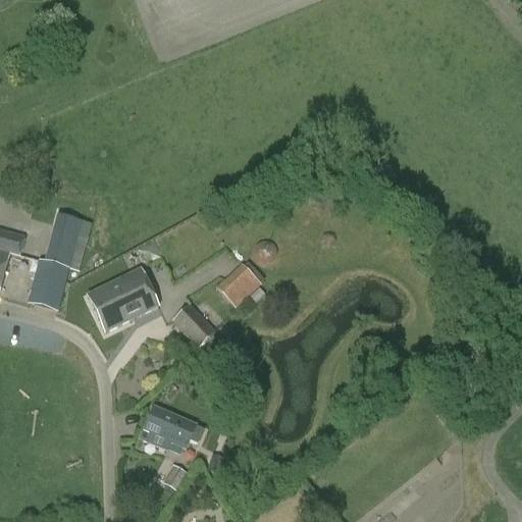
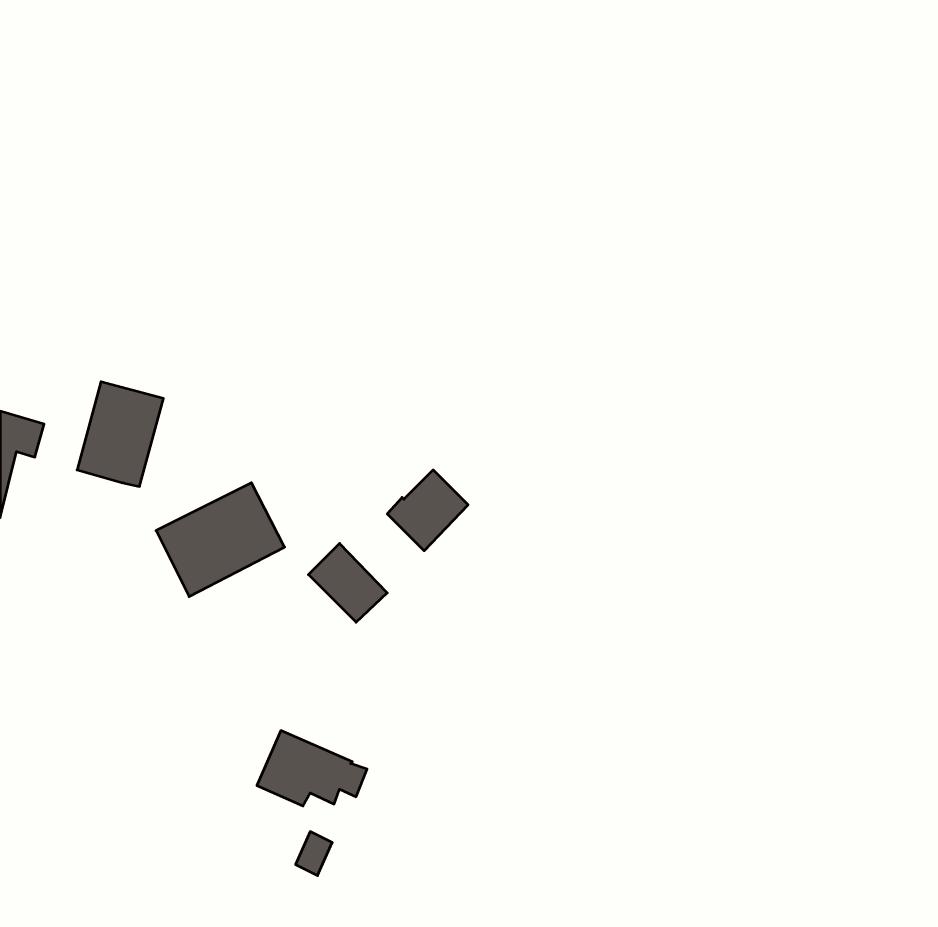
building: [29,260,68,309] -> none

